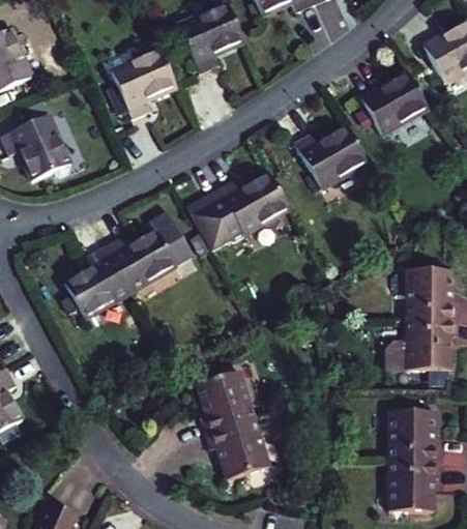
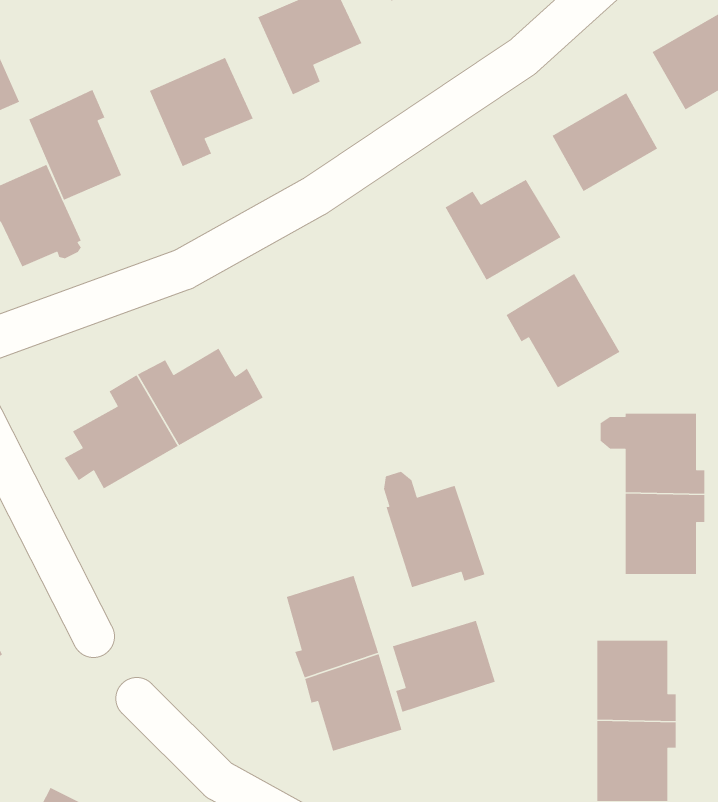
building: none -> [28,89,122,201]
building: [186,172,289,252] -> none
building: none -> [505,273,620,388]
building: none -> [383,471,485,588]
building: none -> [392,620,496,713]

